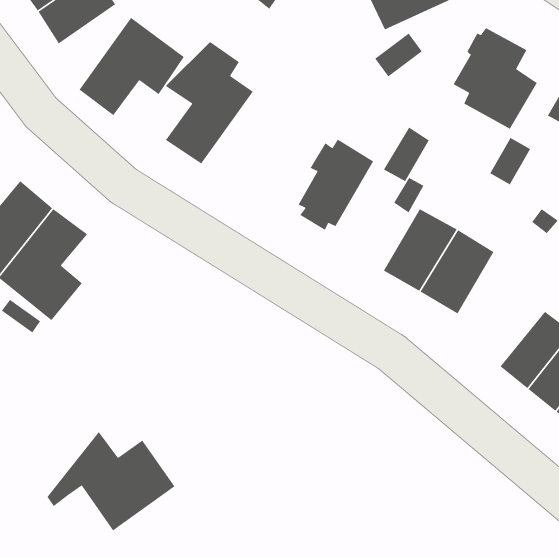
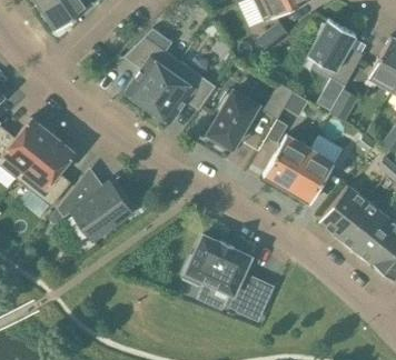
building: [79,17,185,116] -> [147,61,215,124]
building: none -> [318,186,366,237]
building: none -> [182,234,271,320]
building: [47,431,176,532] -> [49,177,131,241]

